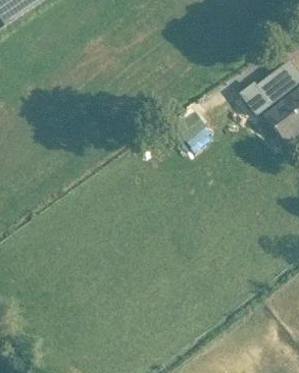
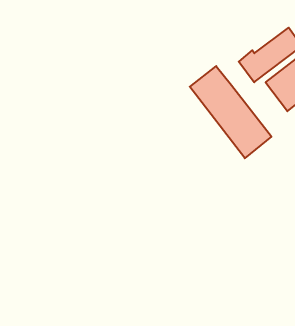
building: none -> [190,66,271,158]

